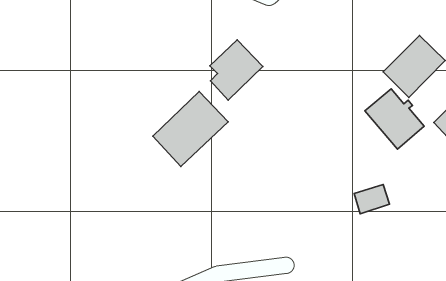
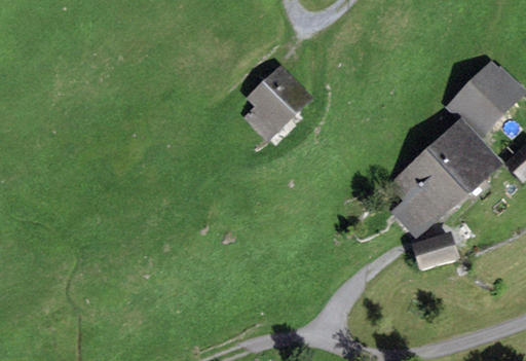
building: [153,92,228,166] -> none
building: none -> [391,149,465,233]

